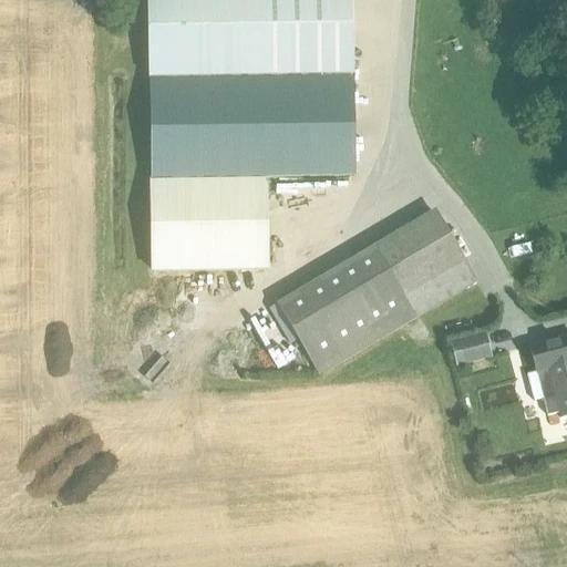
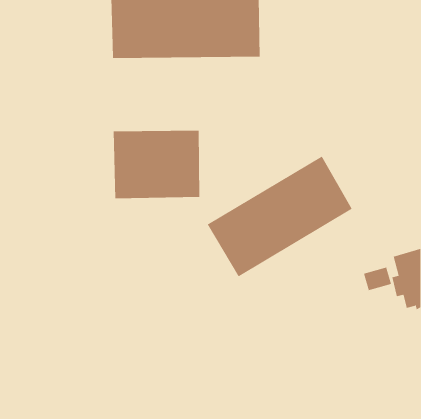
building: [151,76,352,176] -> none
building: [450,331,488,363] -> [363,267,392,291]

